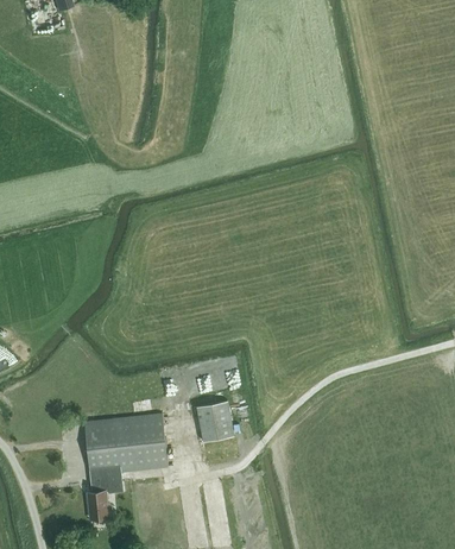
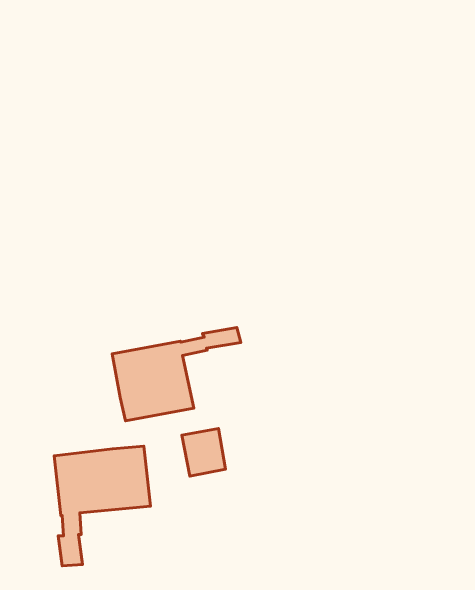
building: none -> [112,328,241,421]

